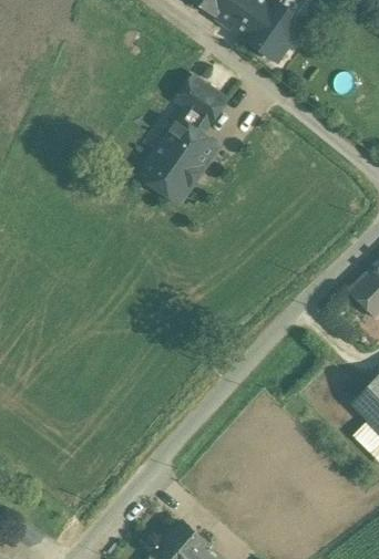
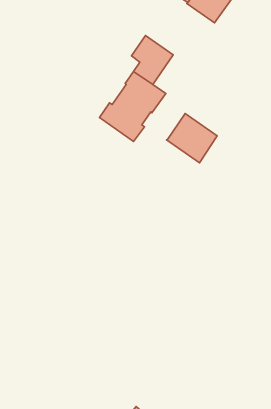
building: none -> [167,114,217,163]

